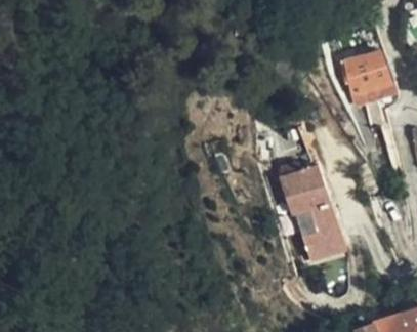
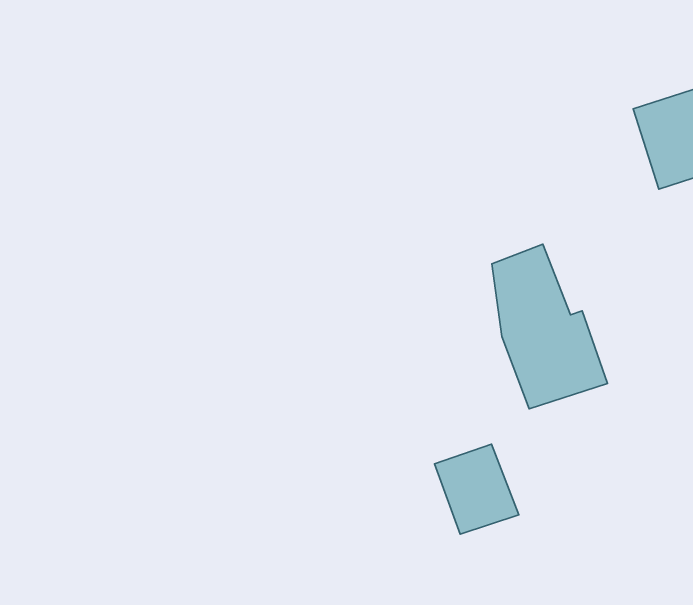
building: [303,218,347,265] -> [434,444,519,534]

